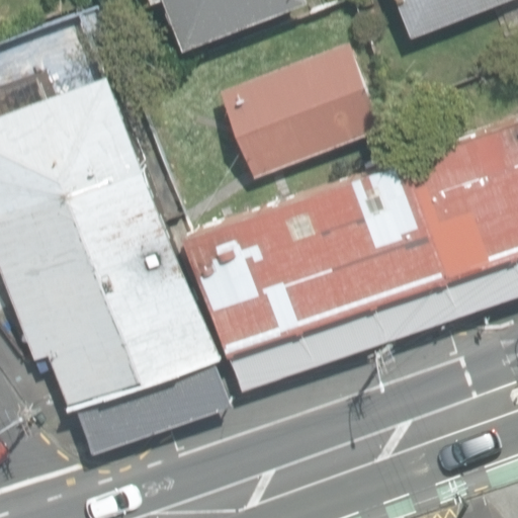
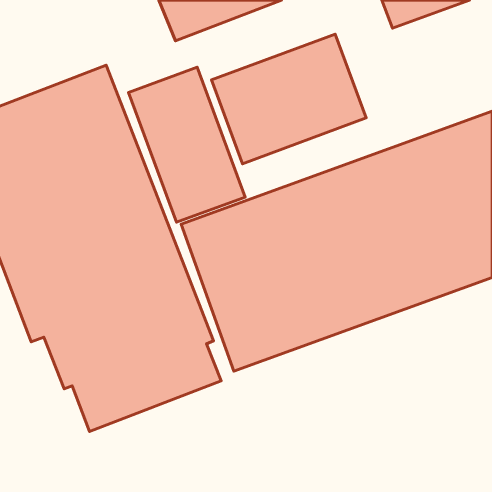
building: none -> [129,67,245,222]

